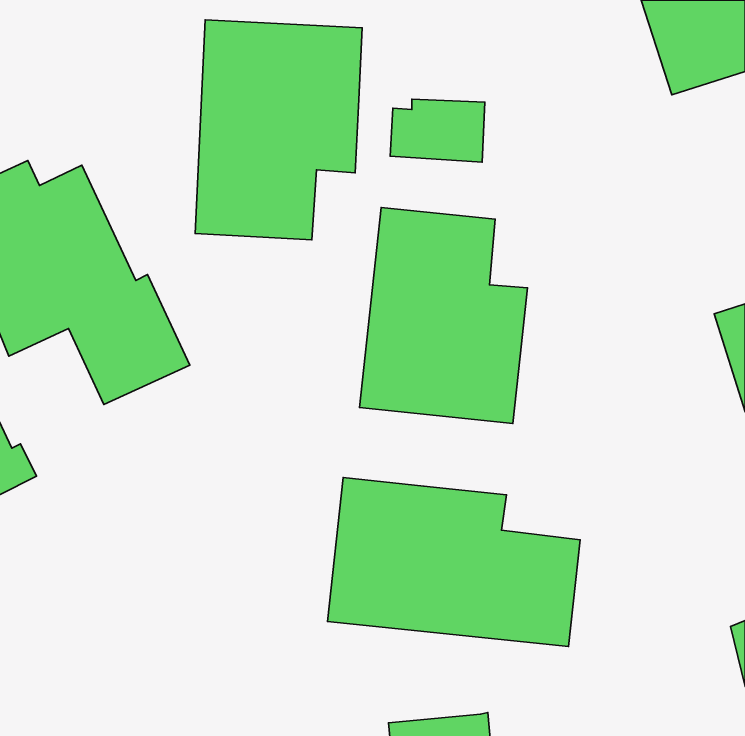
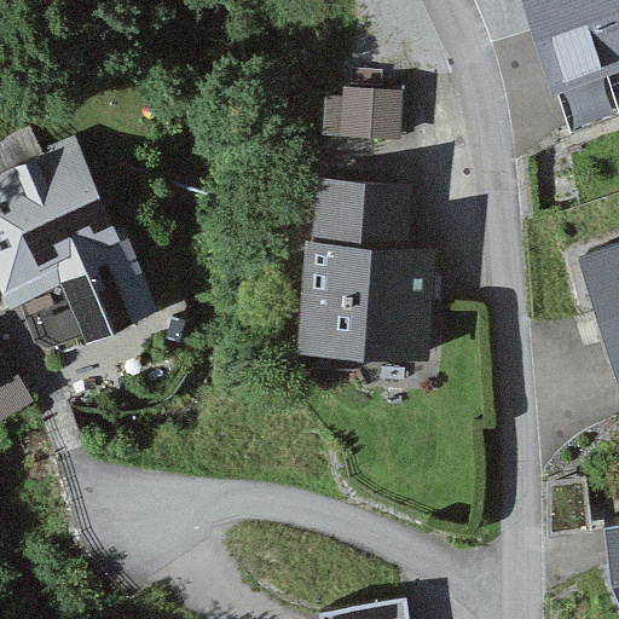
building: [195,20,362,240] -> none
building: [327,478,580,647] -> none

